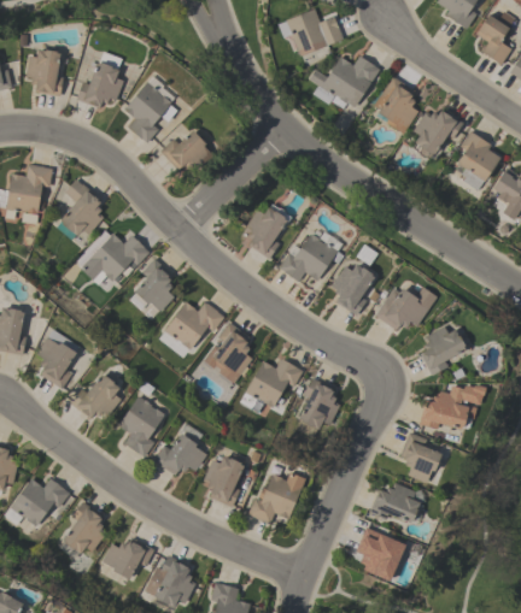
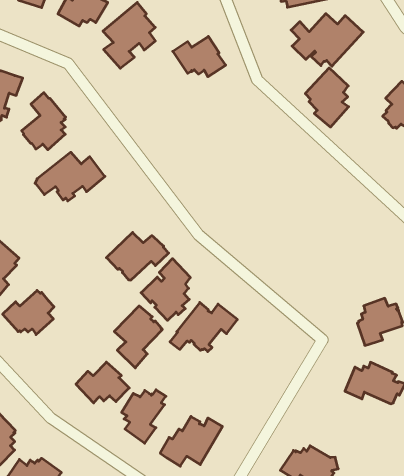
building: [374,76,418,134] -> [305,68,349,127]
building: [160,130,215,170] -> [173,36,226,77]
building: [245,205,292,259] -> none
building: [279,230,344,282] -> none
building: [129,259,174,312] -> none
building: [333,264,375,317] -> none
building: [375,287,438,330] -> none
building: [299,378,340,429] -> none
building: [118,396,165,458] -> [114,306,162,368]
building: [400,432,443,483] -> none

